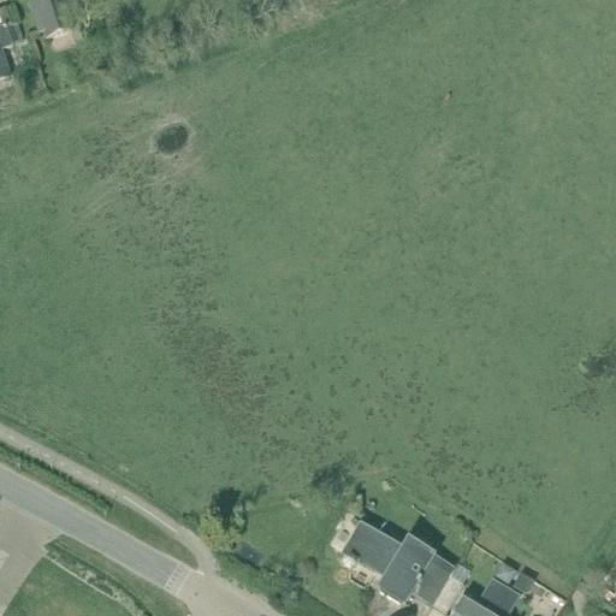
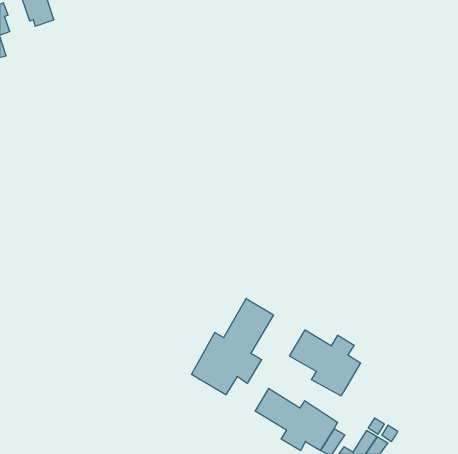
building: none -> [192,298,274,395]
building: none -> [290,330,360,396]

